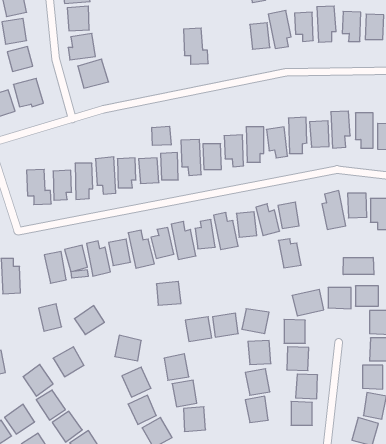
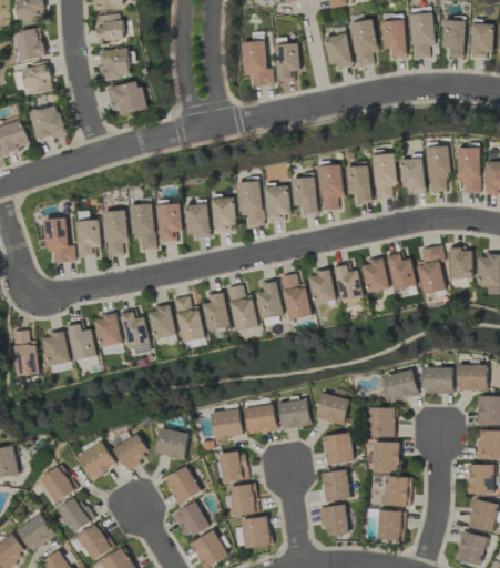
building: none -> [276,43,300,80]
building: [152,126,171,145] -> none
building: [278,239,301,268] -> [387,253,416,290]
building: [343,257,374,275] -> none
building: [156,281,181,305] -> [212,409,243,439]
building: [39,304,62,331] -> [41,332,70,366]
building: [74,306,104,335] -> [113,433,151,469]

